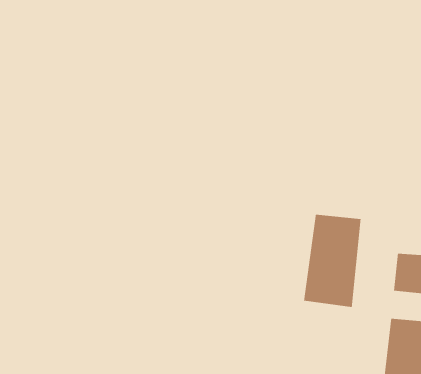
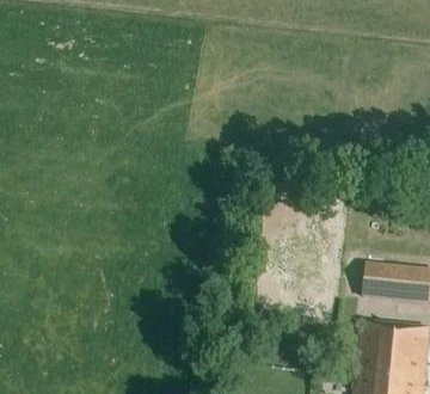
building: [303,214,361,308] -> none

